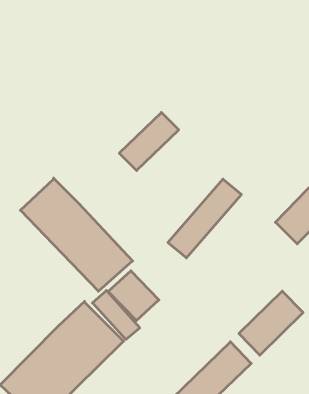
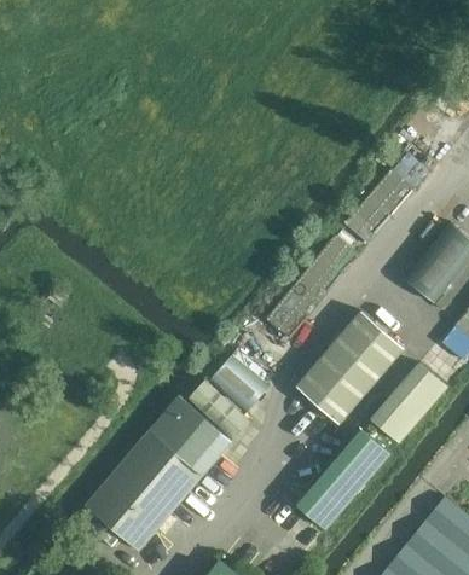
building: [119,112,179,171] -> [348,167,418,240]
building: [20,178,133,291] -> none
building: none -> [296,312,404,424]

